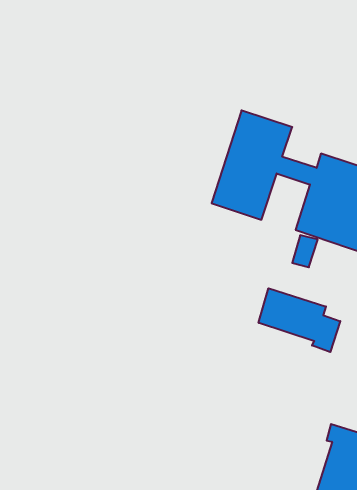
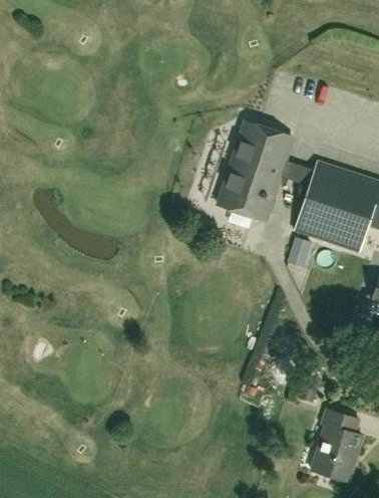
building: [259,288,340,352] -> none

